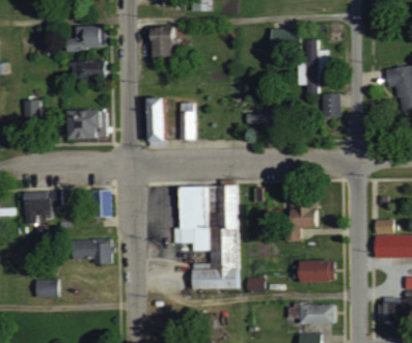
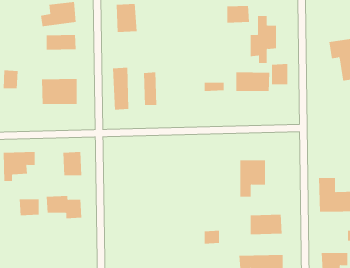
building: none -> [236,72,270,92]
building: [174,184,240,289] -> none
building: [35,279,58,297] -> [19,199,39,216]

